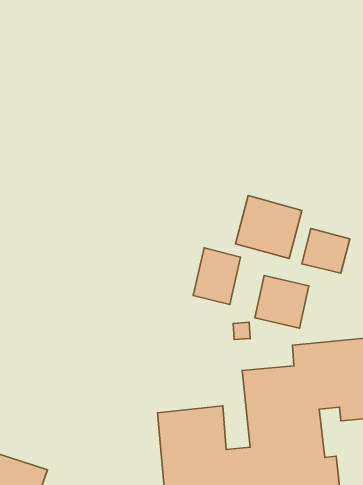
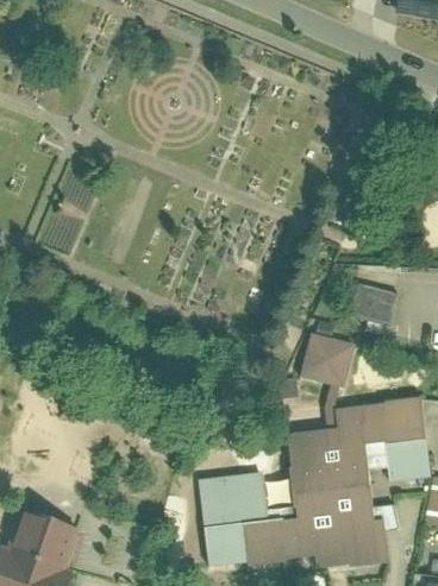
building: [235,196,302,259] -> none
building: [193,248,241,305] -> none

